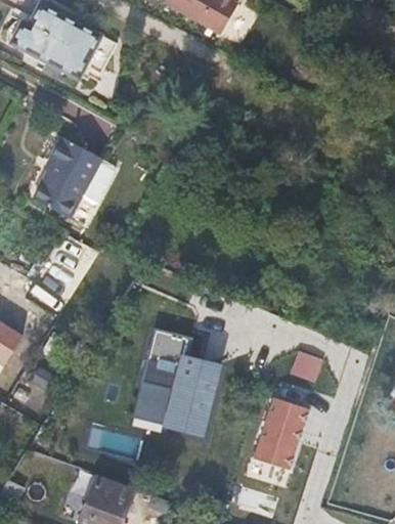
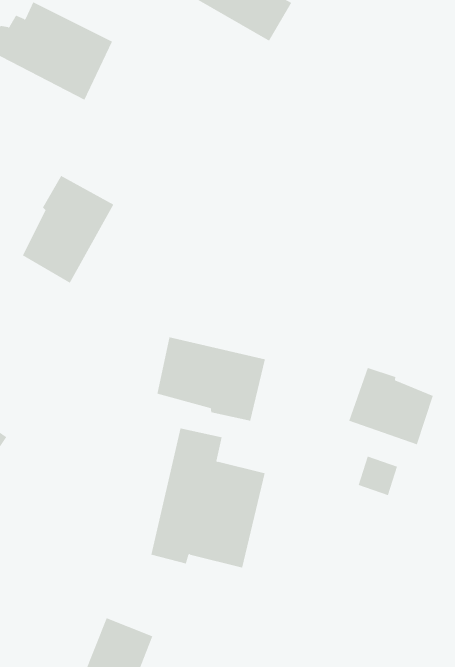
building: none -> [157,337,265,421]
building: none -> [348,367,434,445]
building: [253,397,309,470] -> none

